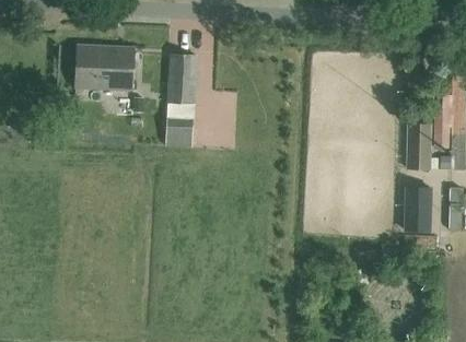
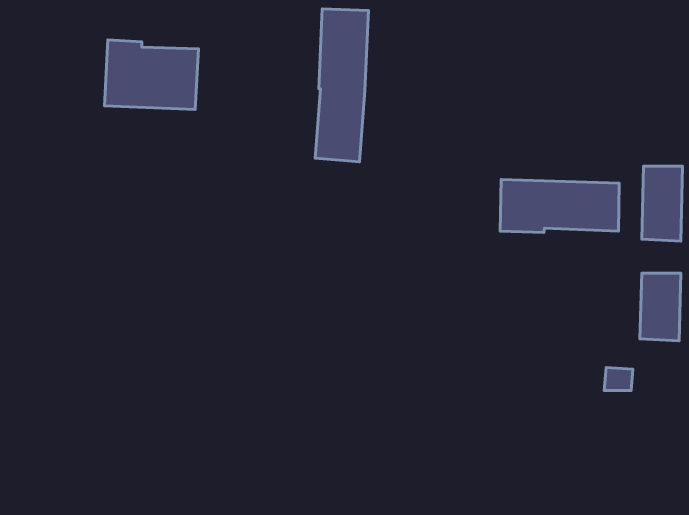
building: [164,55,197,149] -> [315,9,368,162]
building: none -> [500,179,619,232]

